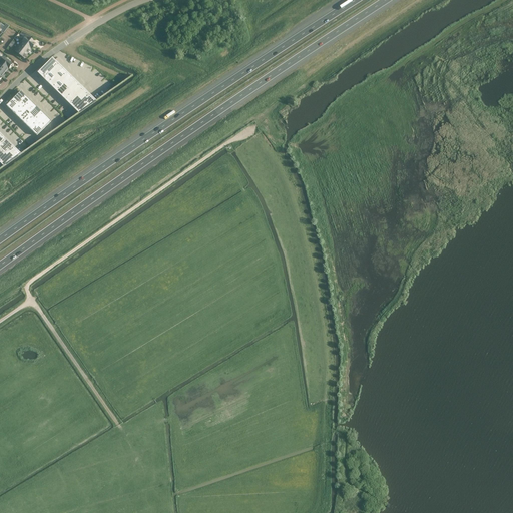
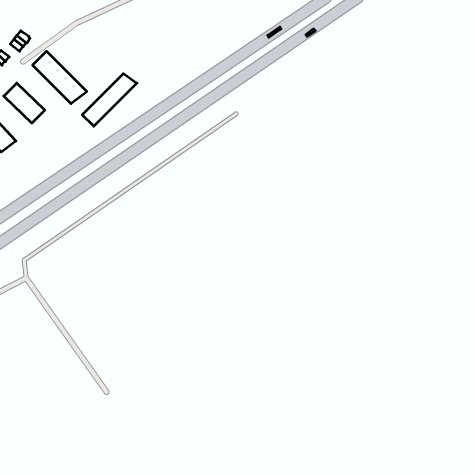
building: none -> [82,74,137,126]

